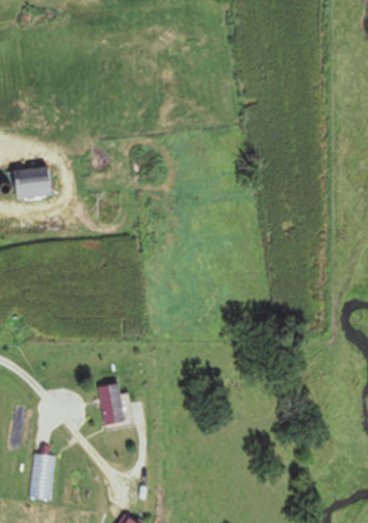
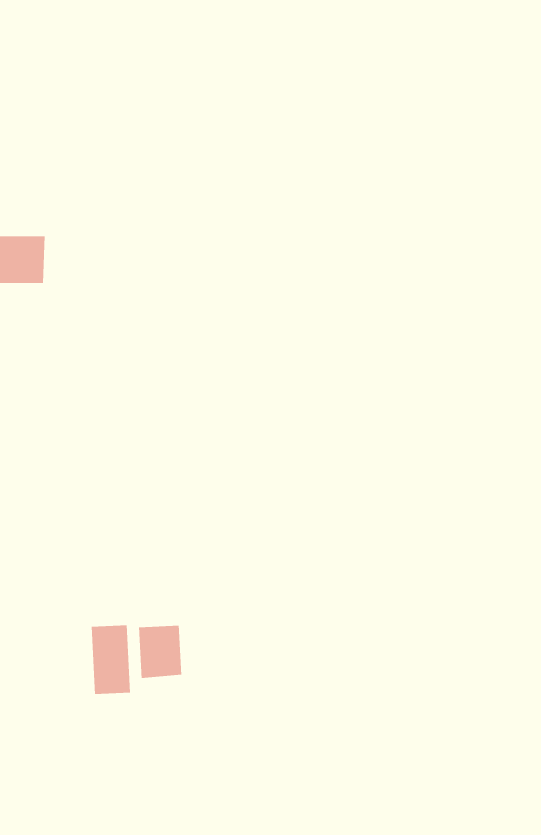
building: none -> [139,625,182,679]

